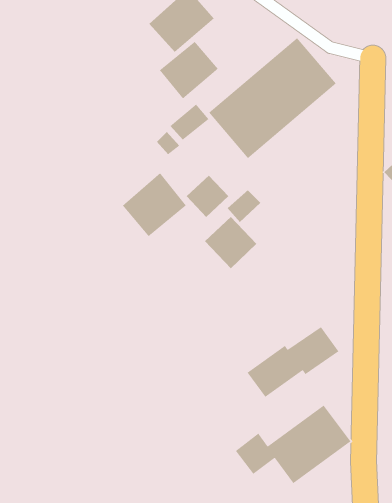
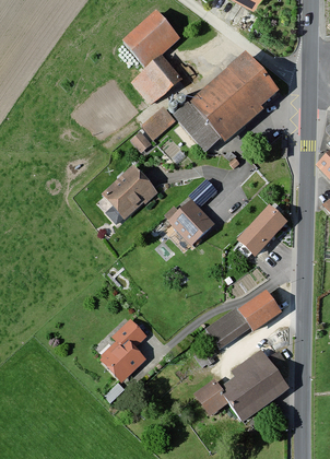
building: [186,175,229,218] -> none
building: none -> [237,203,287,256]
building: none -> [98,319,145,381]

